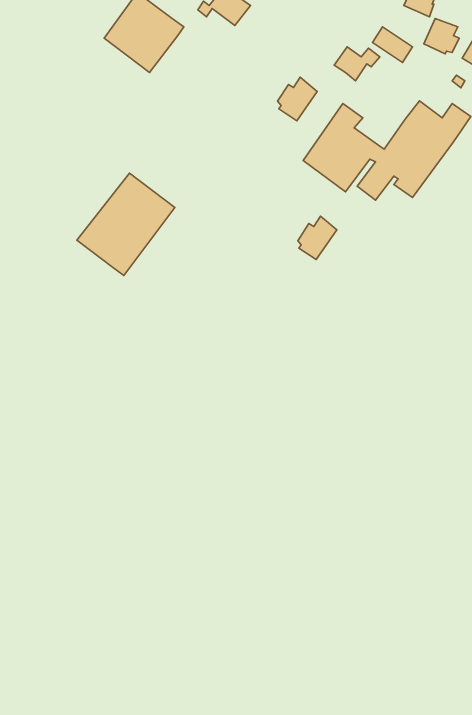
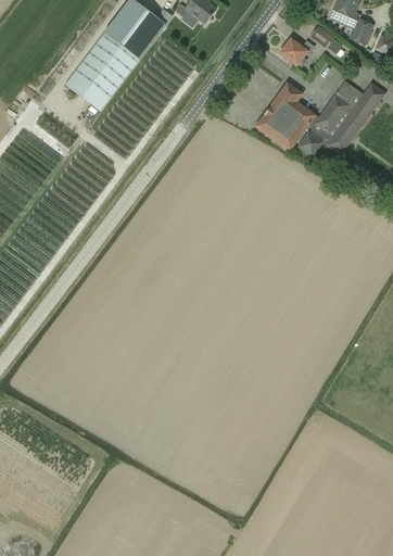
building: [277,77,317,121] -> none
building: [77,173,175,276] -> [64,33,139,111]
building: [298,216,337,260] -> none

